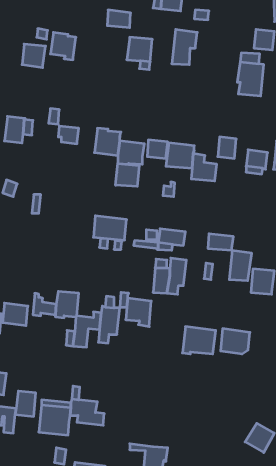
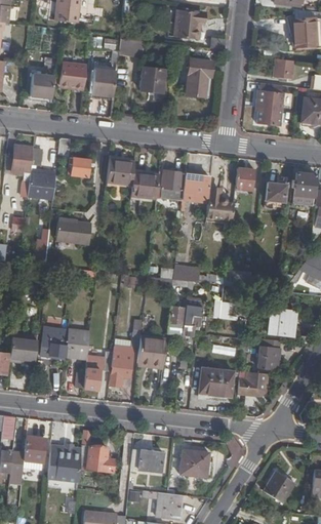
building: none -> [92,69,115,94]
building: none -> [27,175,54,201]
building: [116,163,139,186] -> none
building: [93,216,127,240] -> [55,220,90,246]
building: [229,250,252,281] -> [258,338,282,370]
building: none -> [130,449,162,473]
building: none -> [179,451,208,477]

